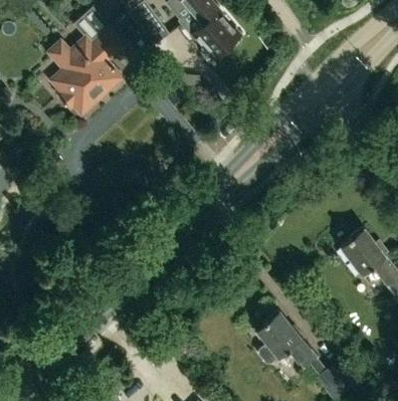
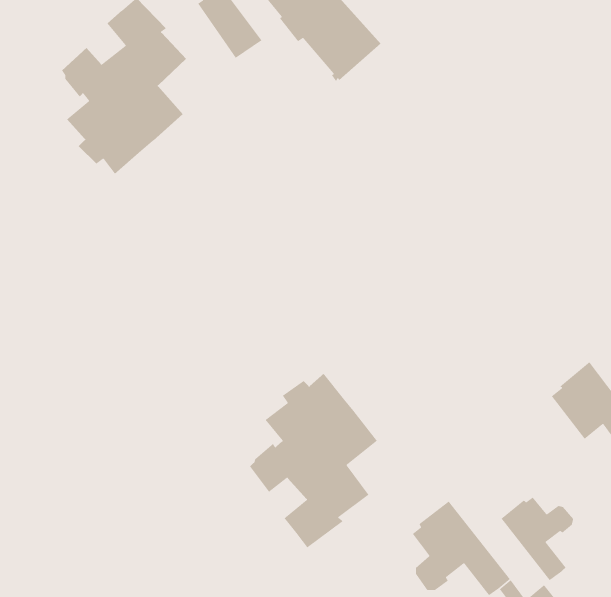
building: none -> [249,373,378,548]
building: none -> [500,496,574,581]

